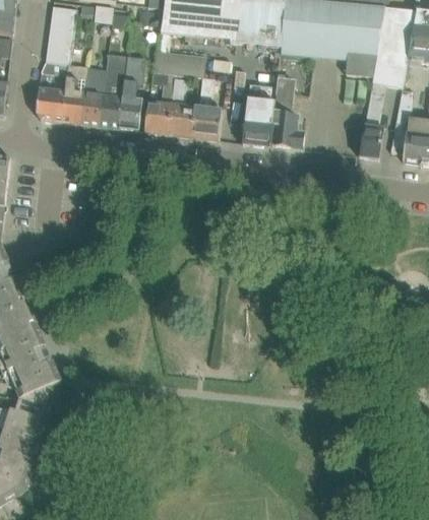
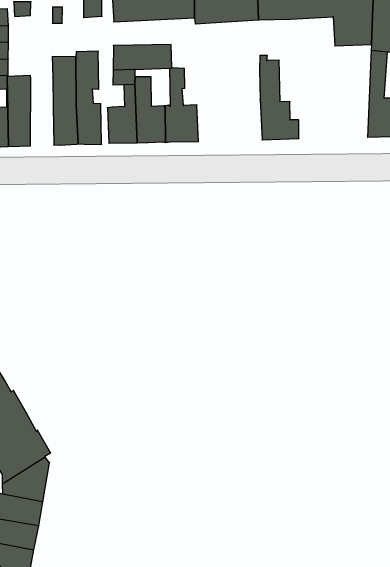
building: [79,68,105,126] -> none
building: [242,85,278,146] -> none

